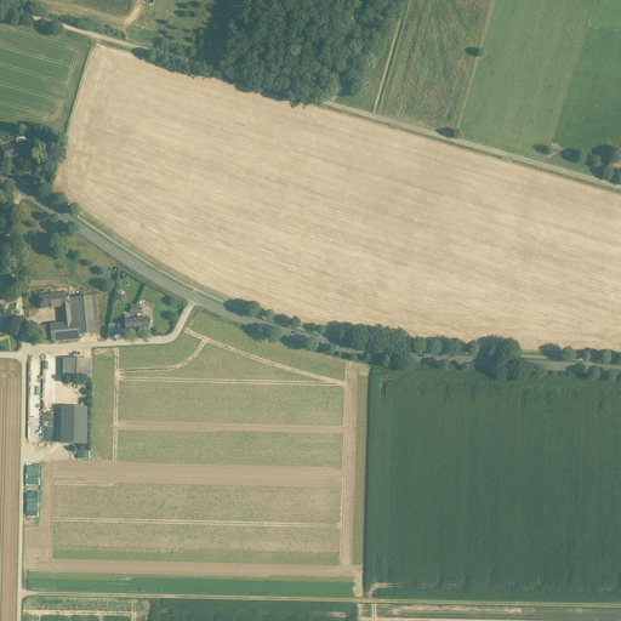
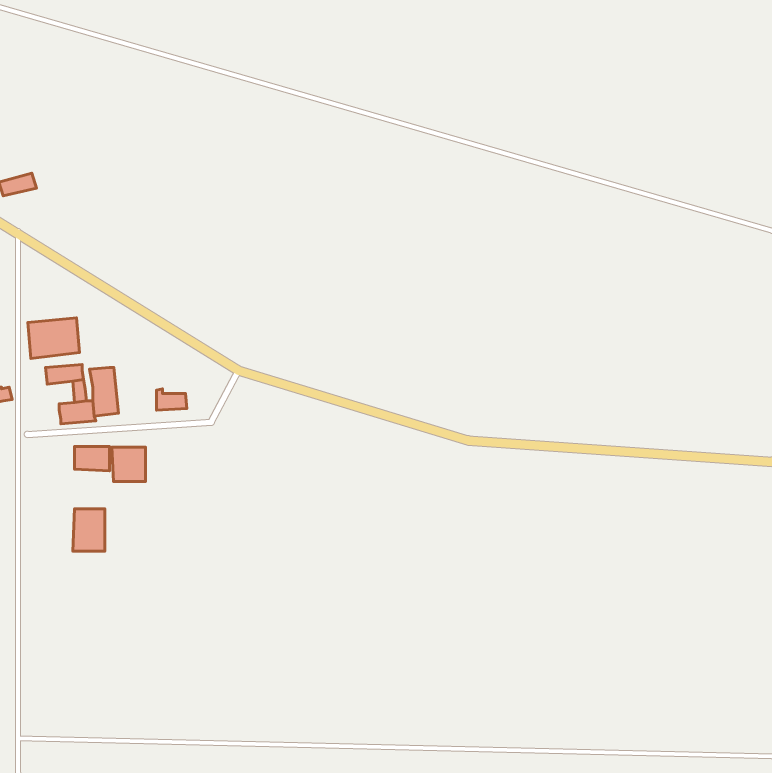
building: none -> [28,318,79,359]
building: none -> [112,447,146,481]

